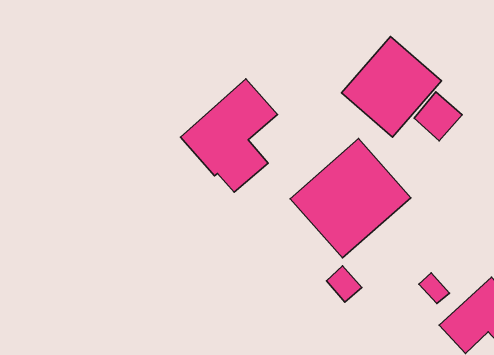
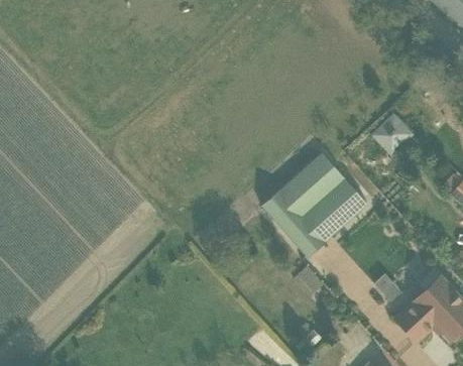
building: [342,37,441,137] -> none
building: [180,79,278,192] -> none

